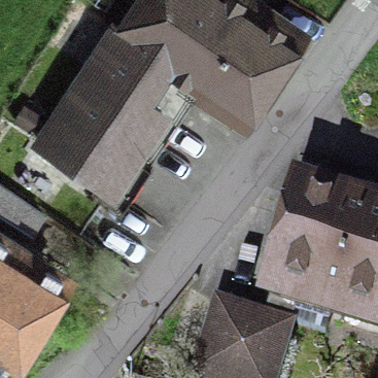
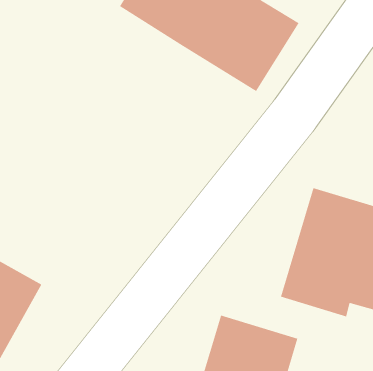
building: [54,21,178,165] -> none

